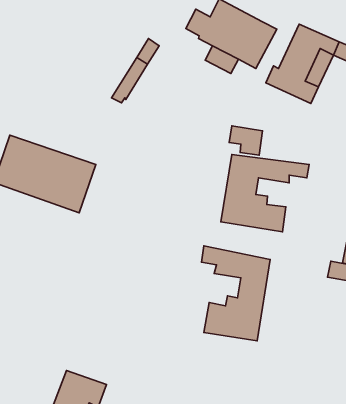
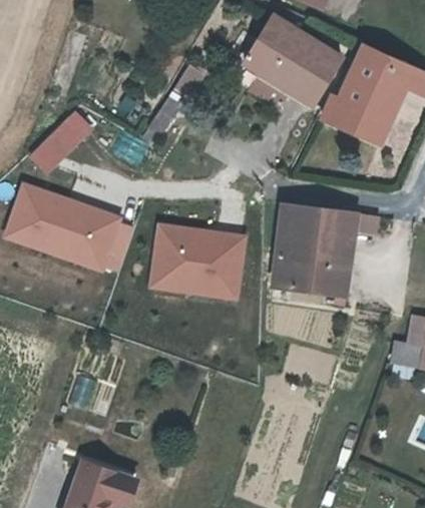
building: none -> [25,110,93,176]
building: [229,126,263,155] -> [315,232,355,268]
building: none -> [145,222,247,302]
building: [202,246,270,341] -> none

